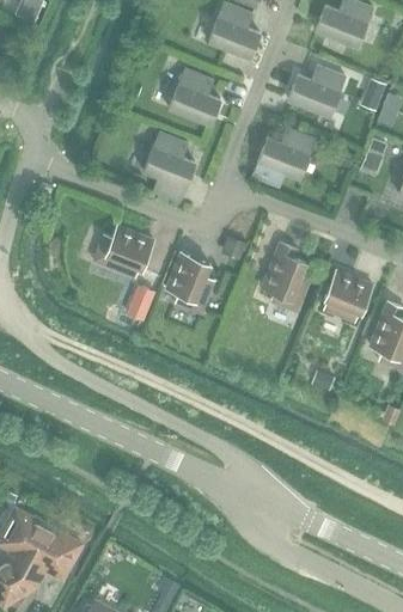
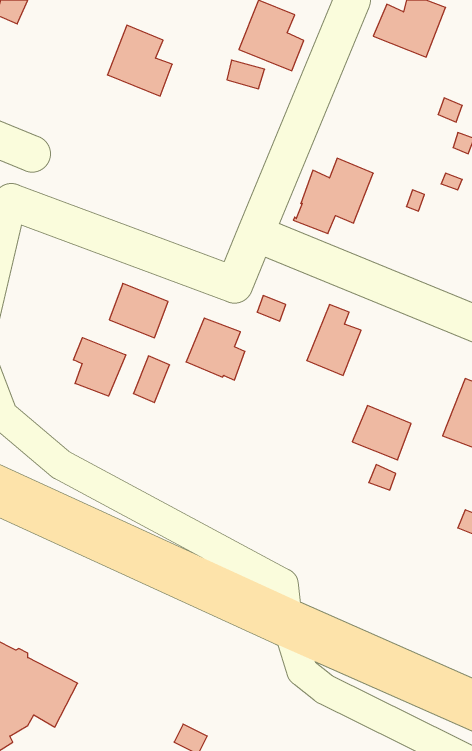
building: [287,65,344,115] -> none
building: [169,68,220,124] -> [107,25,172,96]
building: [144,131,195,202] -> none
building: none -> [73,338,126,396]
building: [324,270,371,313] -> [352,406,411,460]

